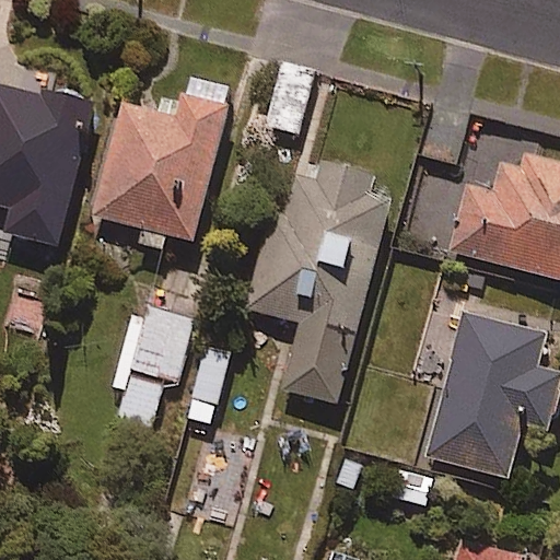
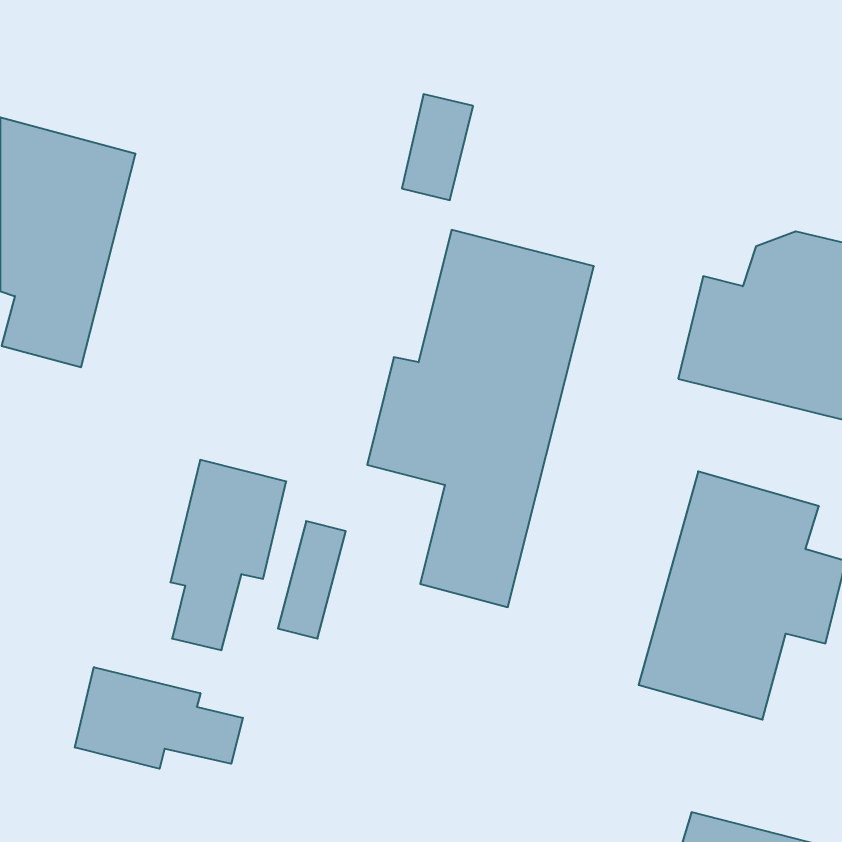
building: [91,89,229,242] -> none
building: none -> [75,667,243,769]

